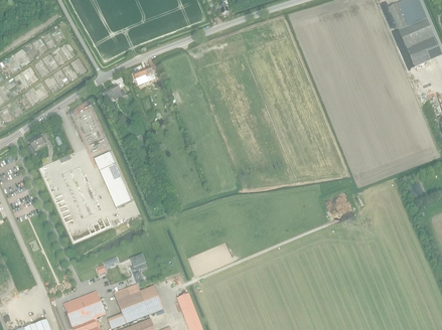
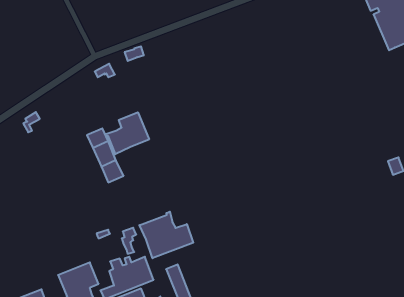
building: none -> [105,112,149,154]
building: none -> [139,212,193,258]

